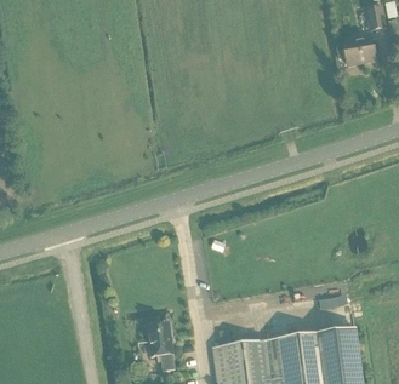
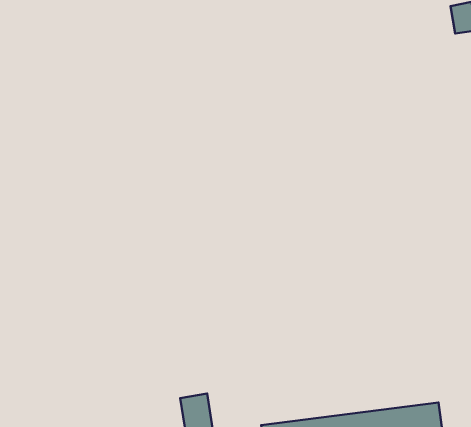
building: [337,36,376,64] -> none

